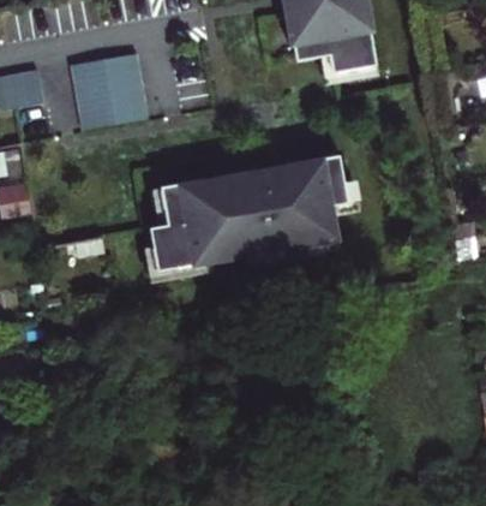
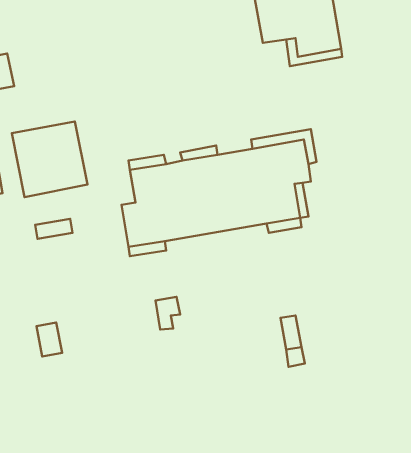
building: [71,50,149,129] -> [12,122,88,197]

